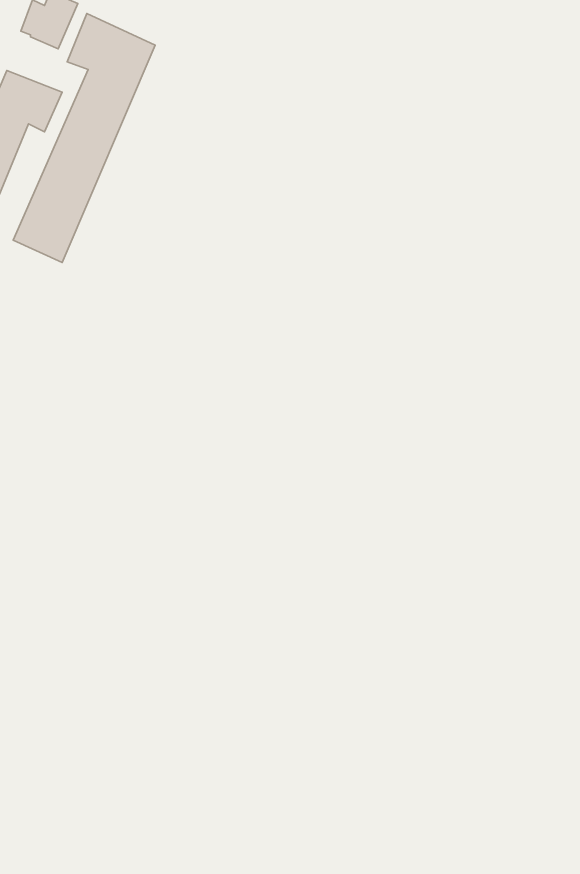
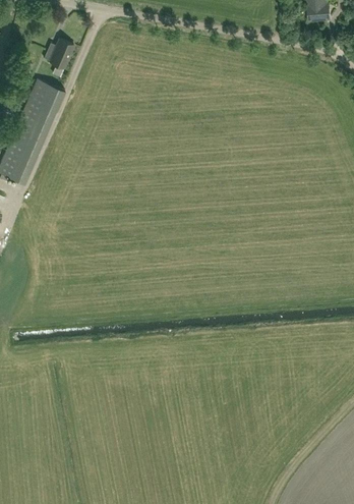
building: [13,13,155,263] -> none

